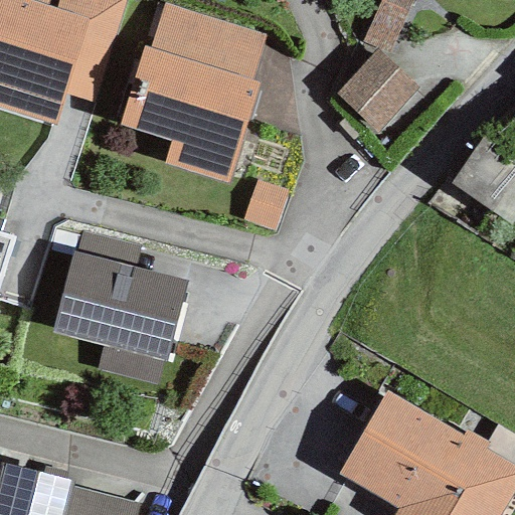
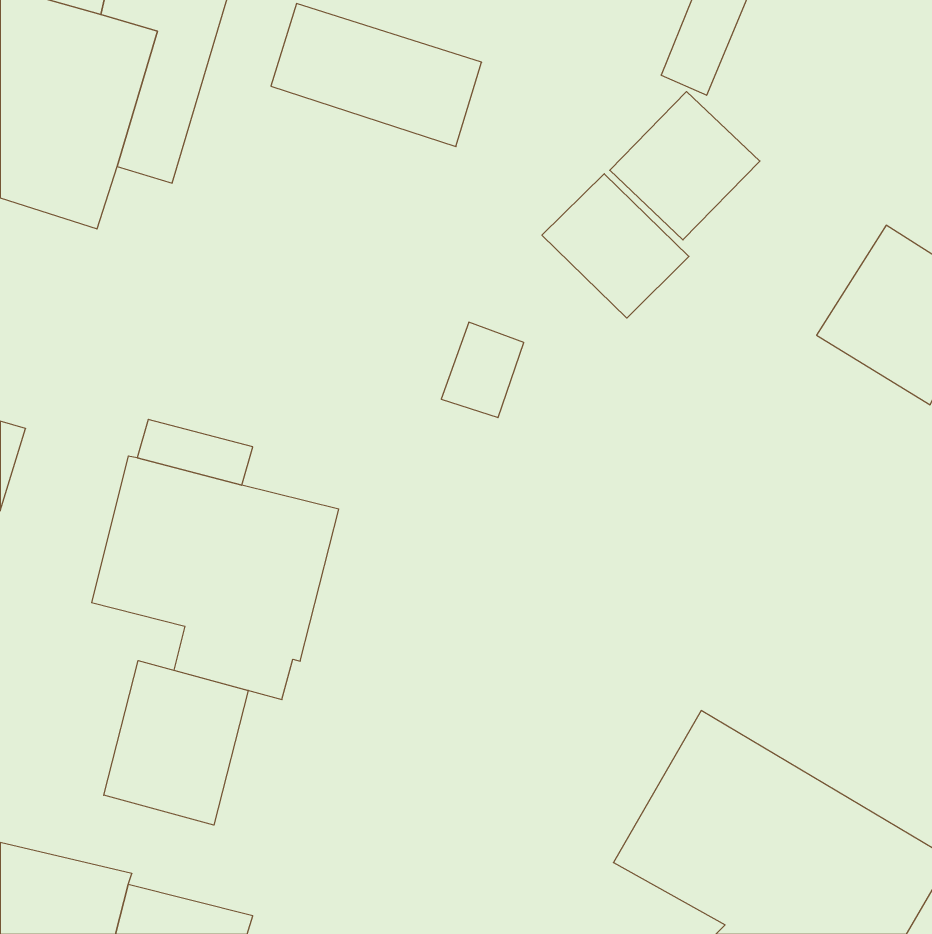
building: [120,46,261,183] -> none
building: none -> [542,174,689,318]
building: none -> [104,661,248,825]

